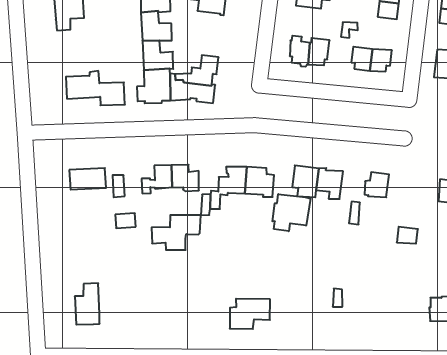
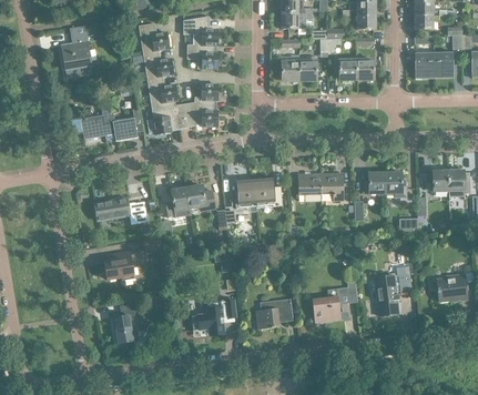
building: none -> [186,43,217,68]
building: none -> [385,171,406,196]
building: [272,194,311,231] -> none
building: [152,215,201,250] -> [191,298,235,334]
building: none -> [104,250,134,278]
building: none -> [374,272,411,314]
building: none -> [313,286,344,322]

